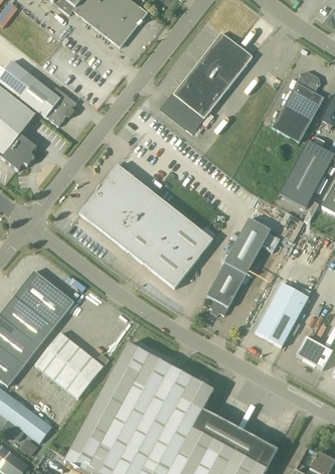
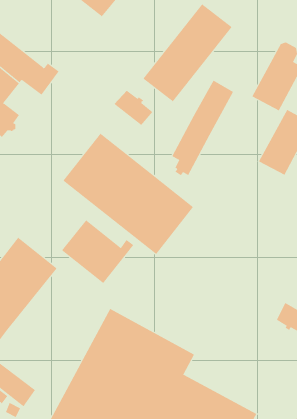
building: none -> [114,90,153,126]
building: [207,217,271,315] -> [172,80,234,176]
building: [256,283,309,346] -> none
building: [35,332,110,398] -> [61,220,134,284]

